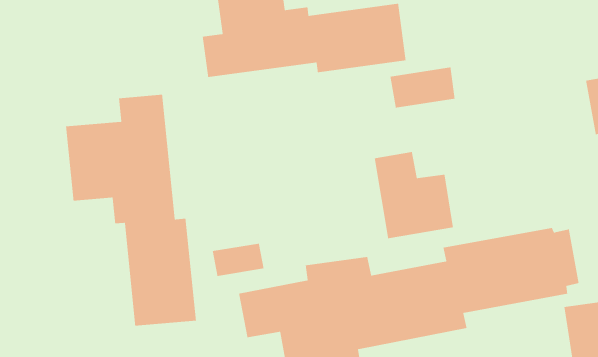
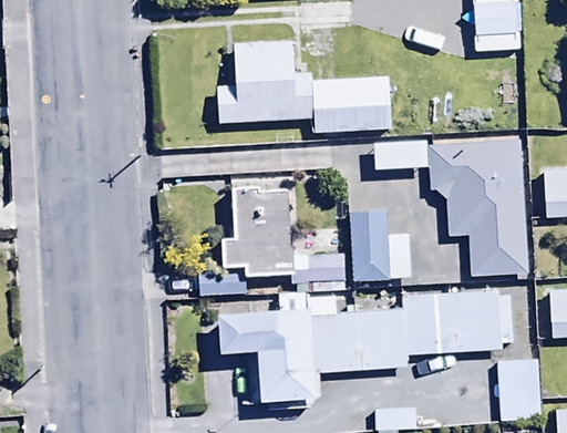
building: none -> [431,137,529,275]
building: [65,94,197,326] -> none
building: none -> [221,179,346,291]

